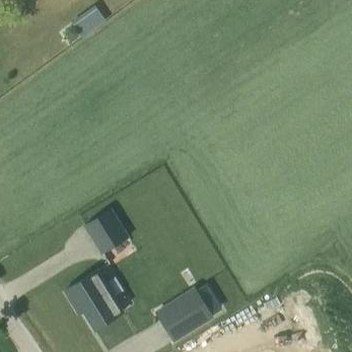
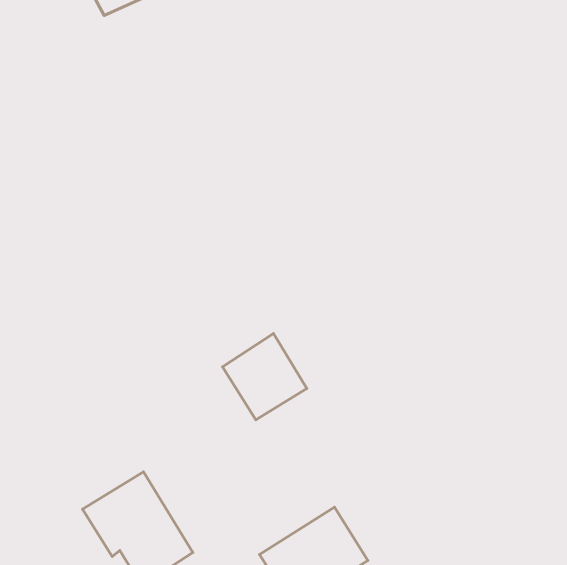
building: [86,208,130,253] -> [222,333,307,420]

